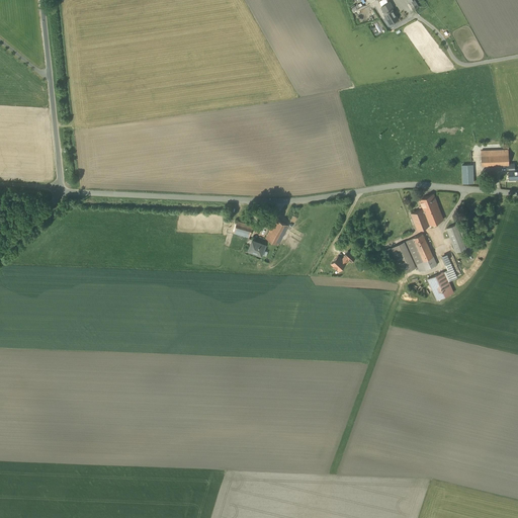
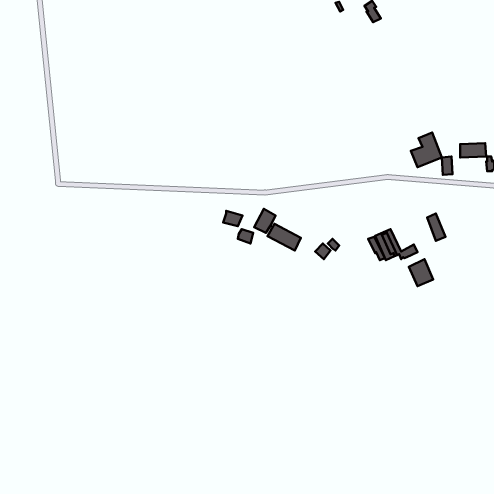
building: [411,193,443,230] -> [411,132,442,167]
building: [409,233,433,263] -> none
building: none -> [267,224,301,250]

